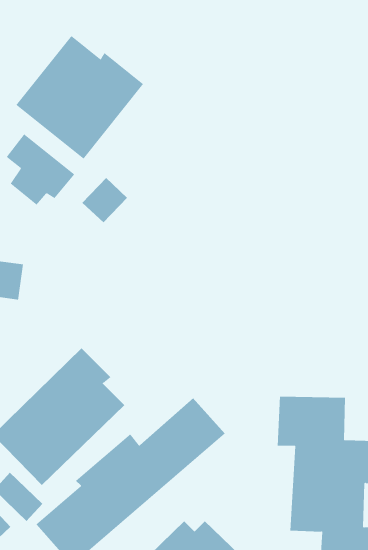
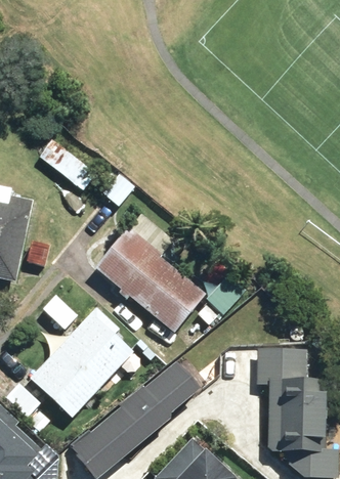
building: [16,35,144,159] -> none
building: none -> [92,213,220,340]

